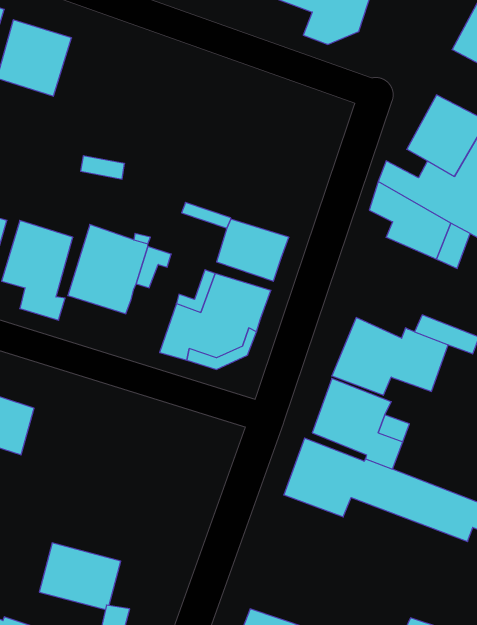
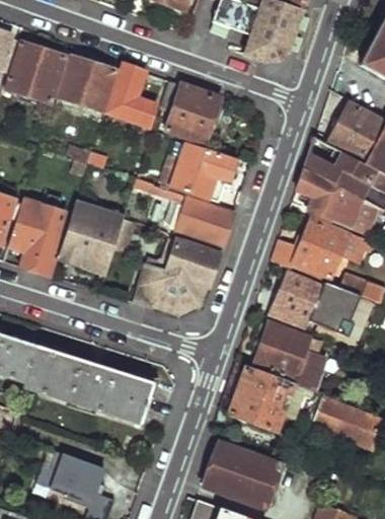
building: none -> [56,55,113,109]
building: none -> [105,62,154,125]
building: none -> [159,78,219,141]
building: none -> [172,144,234,198]
building: none -> [271,219,370,283]
building: none -> [21,345,153,424]
building: none -> [204,441,281,505]

